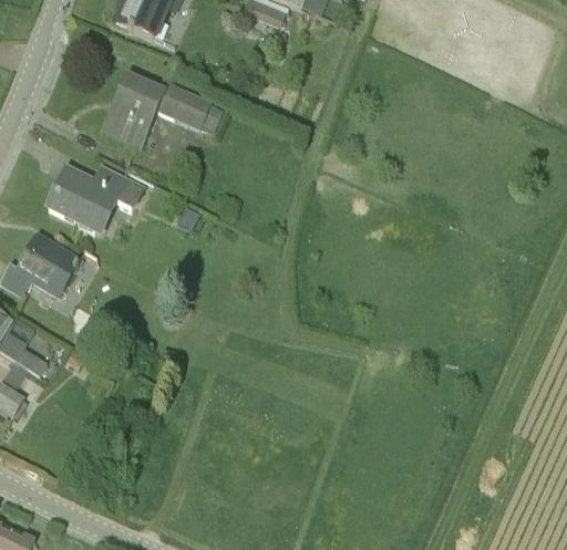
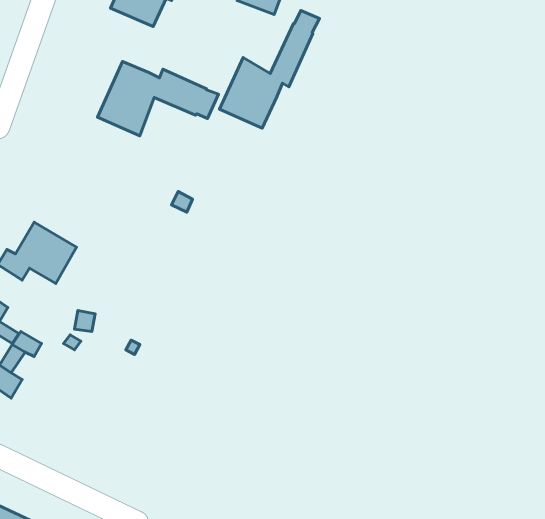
building: none -> [219,10,319,128]
building: [47,166,143,234] -> none

